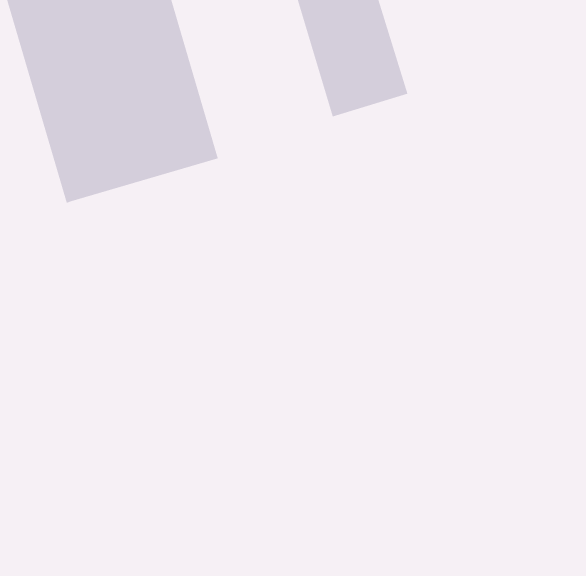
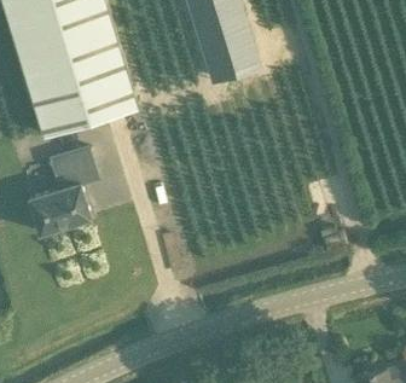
building: none -> [29,144,98,231]

